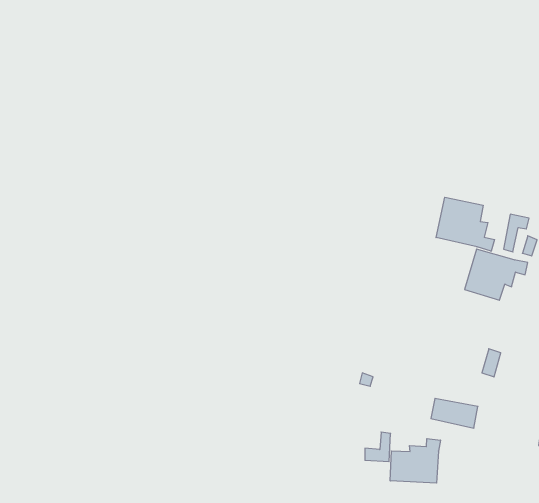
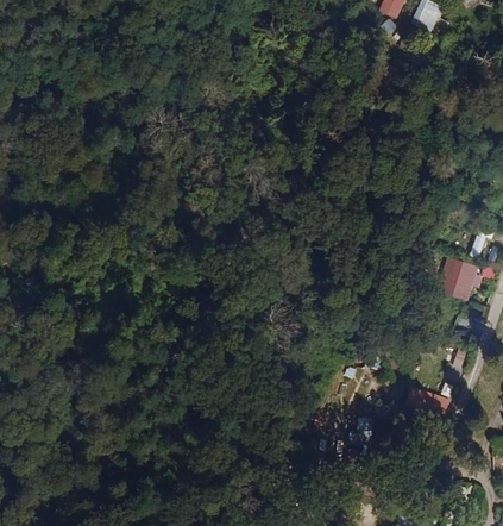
building: [436,197,495,251] -> none
building: [390,439,440,483] -> none

